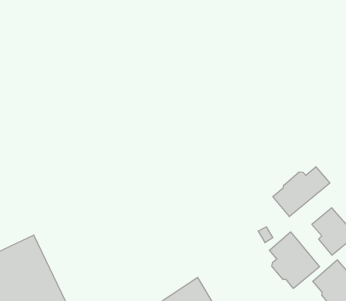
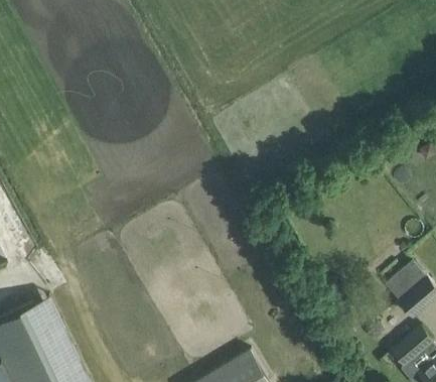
building: [273,167,330,217] -> none
building: [269,232,320,288] -> none

